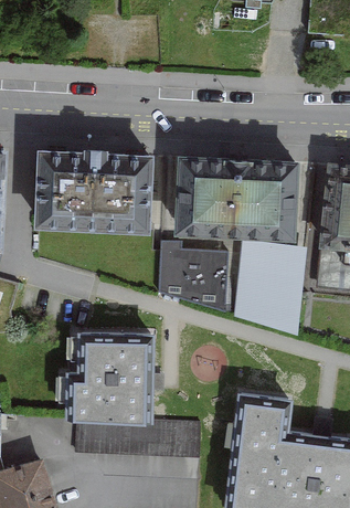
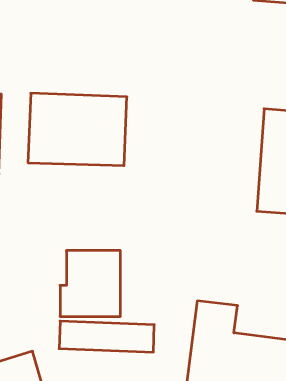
building: [180,154,296,236] -> none
building: [156,241,225,314] -> none
building: [234,241,303,336] -> none

